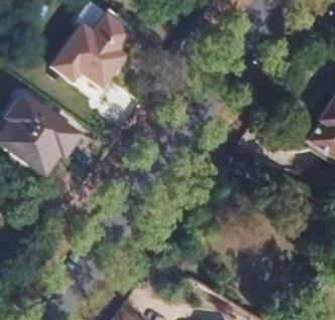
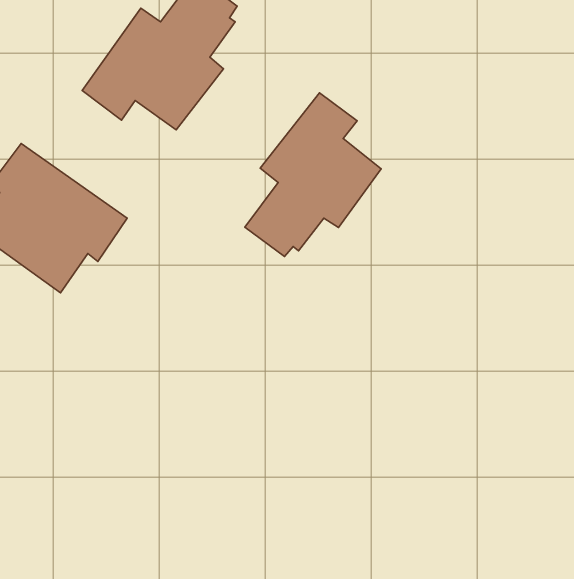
building: none -> [245,93,381,257]

